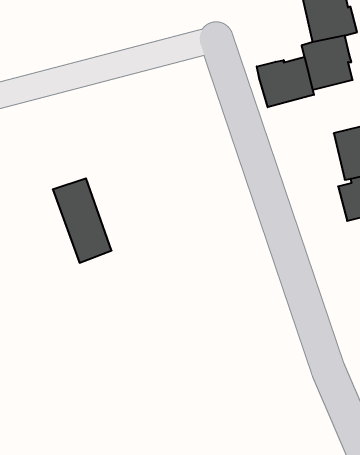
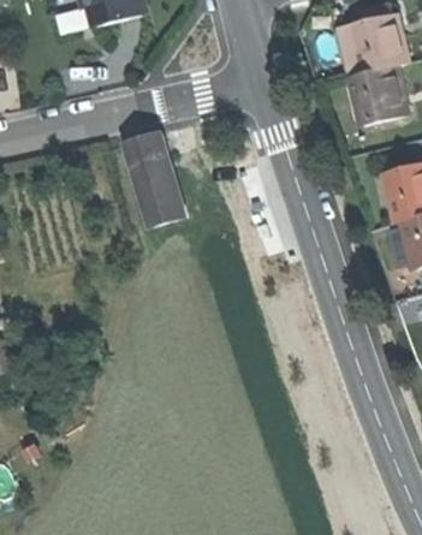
building: [257,57,314,107] -> none
building: [53,178,112,263] -> [123,126,186,218]

